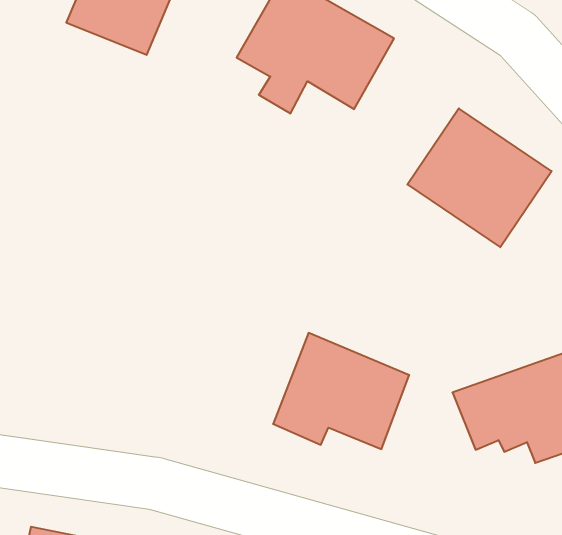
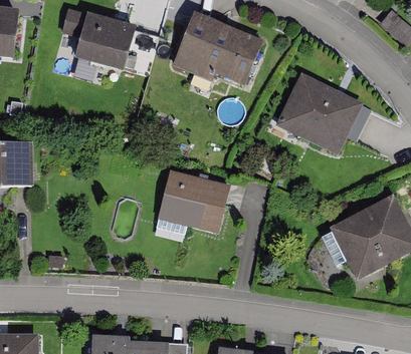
building: [273,333,409,449] -> [159,170,231,232]

